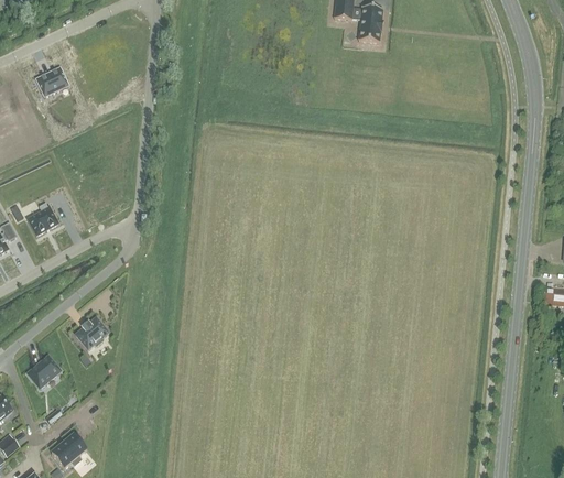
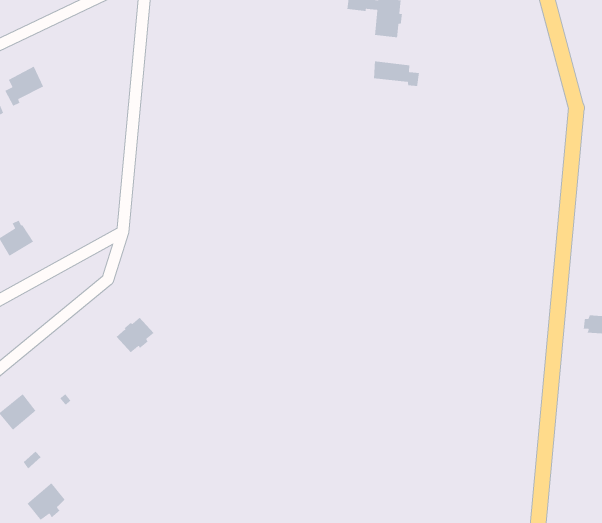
building: none -> [373,60,420,87]
building: [74,316,108,348] -> [116,317,155,353]

